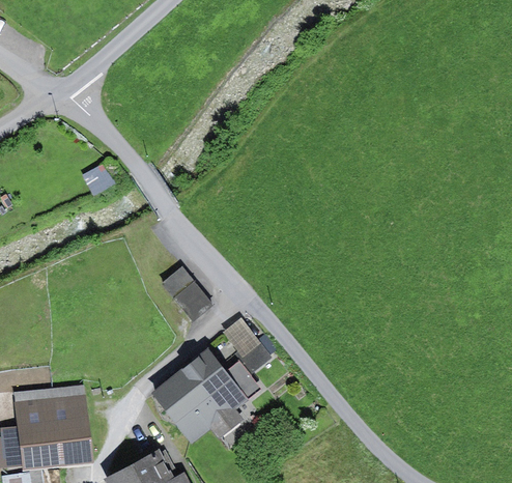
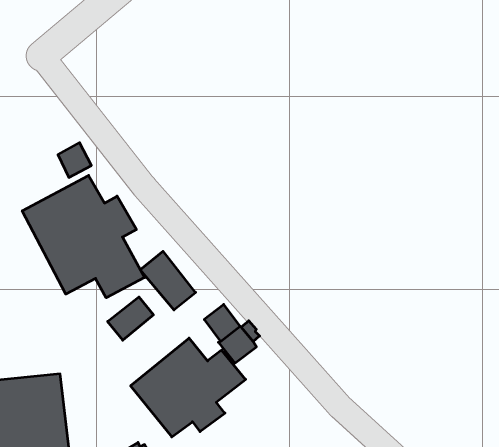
building: none -> [22,175,145,298]
building: none -> [108,297,153,340]

